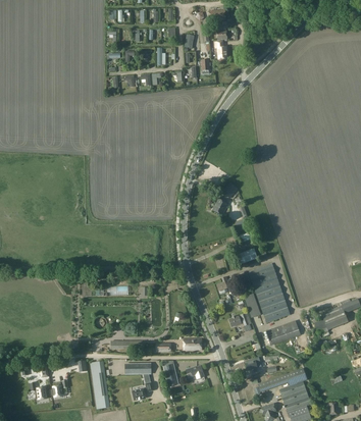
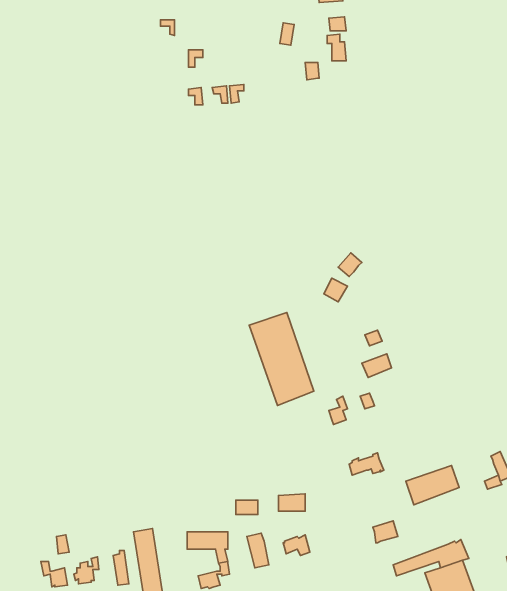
building: [248,263,290,323] -> [249,313,314,406]

